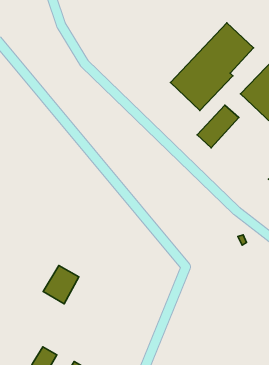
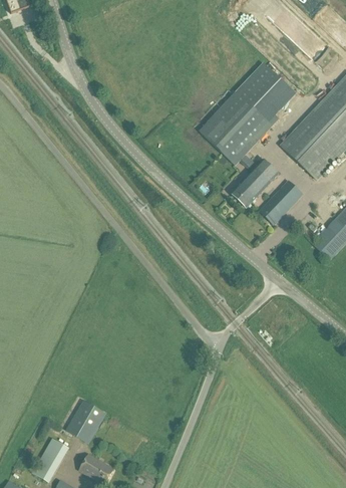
building: none -> [258,179,302,224]
building: [43,265,79,304] -> [64,399,105,443]

